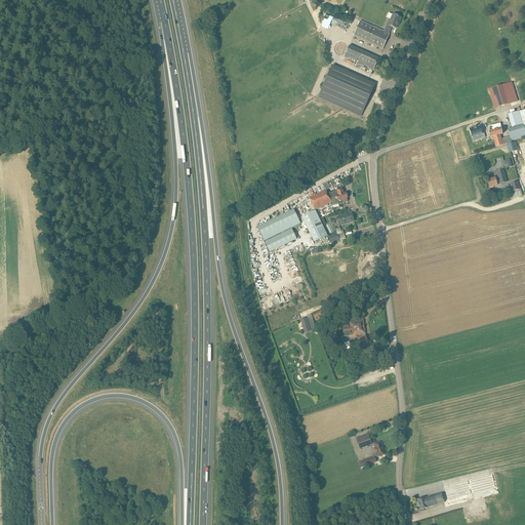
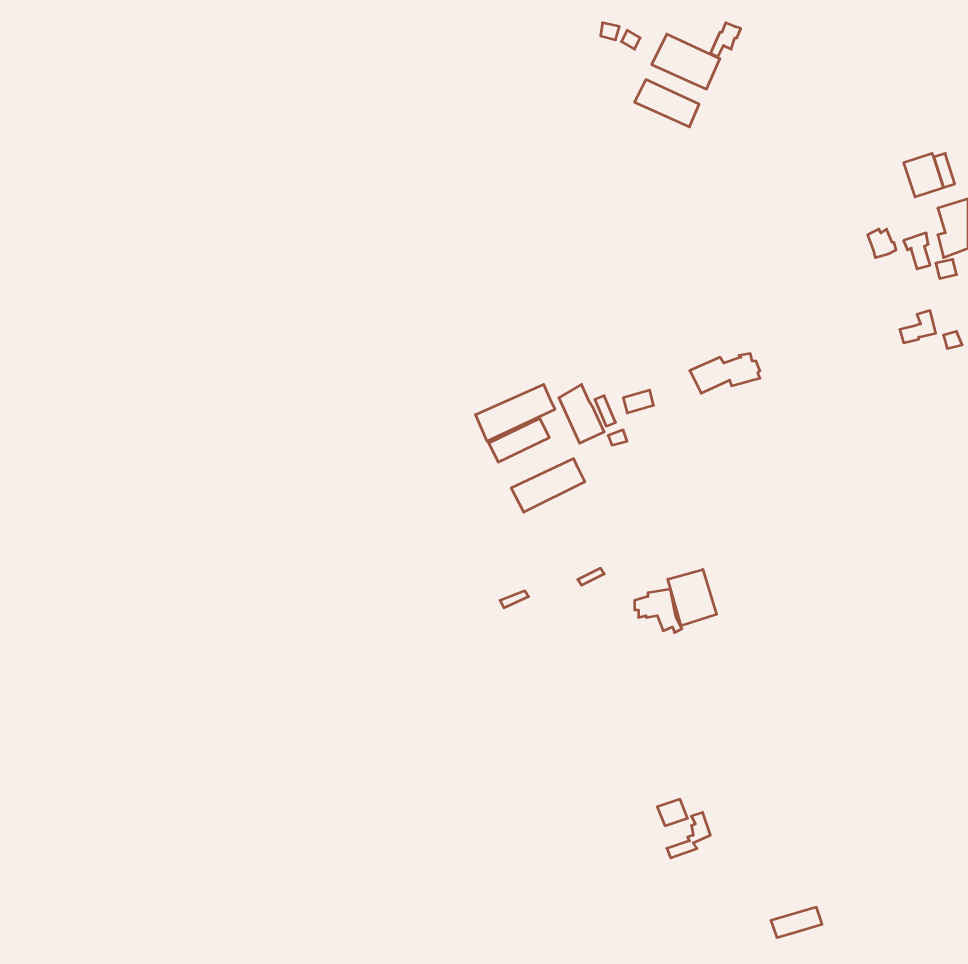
building: [318,64,375,114] -> none
building: [310,187,348,208] -> [690,354,760,393]
building: none -> [511,459,585,512]
building: none -> [668,569,717,626]

